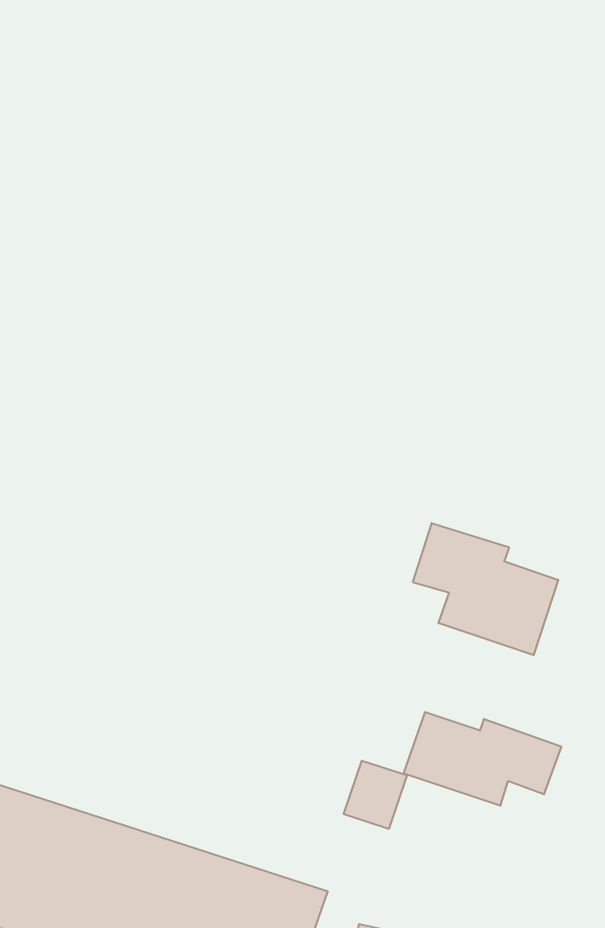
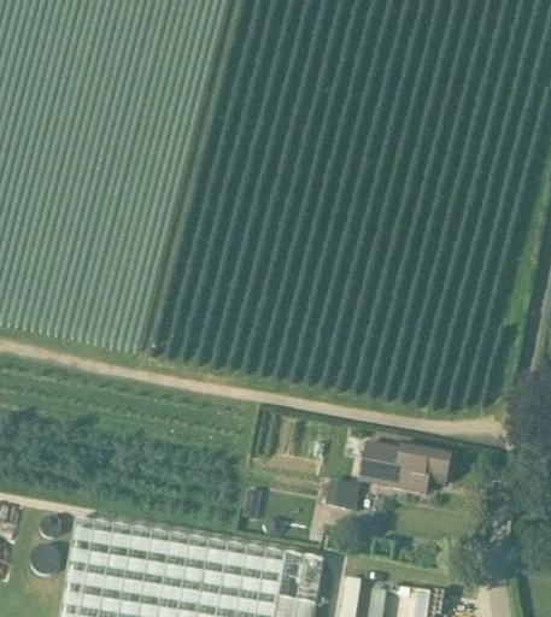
building: [413,523,558,655] -> none

